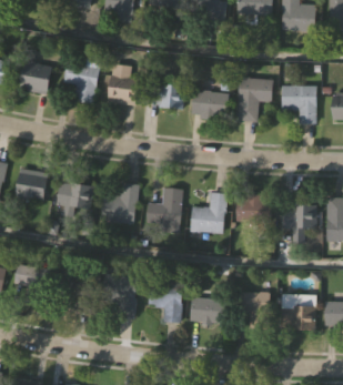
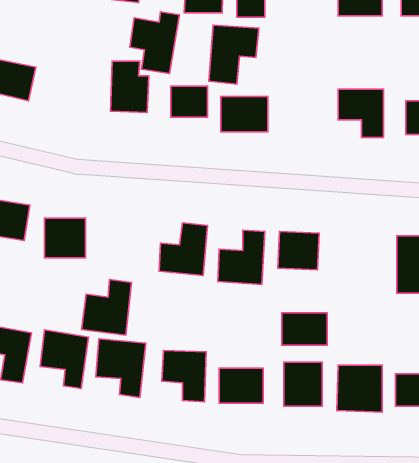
building: [62,57,100,103] -> [130,12,180,73]
building: [235,77,273,121] -> [209,25,259,84]
building: [100,182,138,224] -> [82,279,132,335]
building: [281,203,315,227] -> [282,313,327,345]

